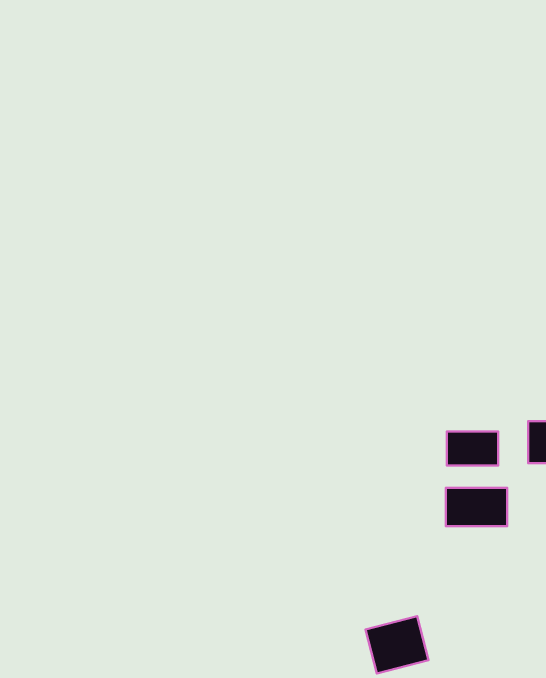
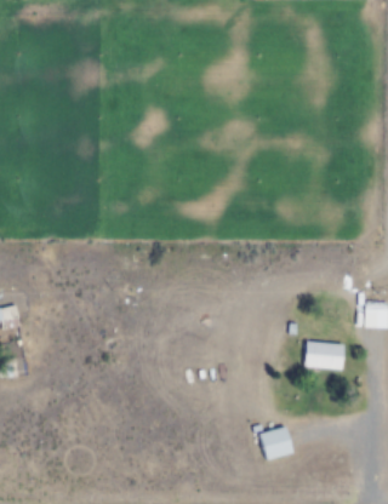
building: [447,432,498,466] -> none

